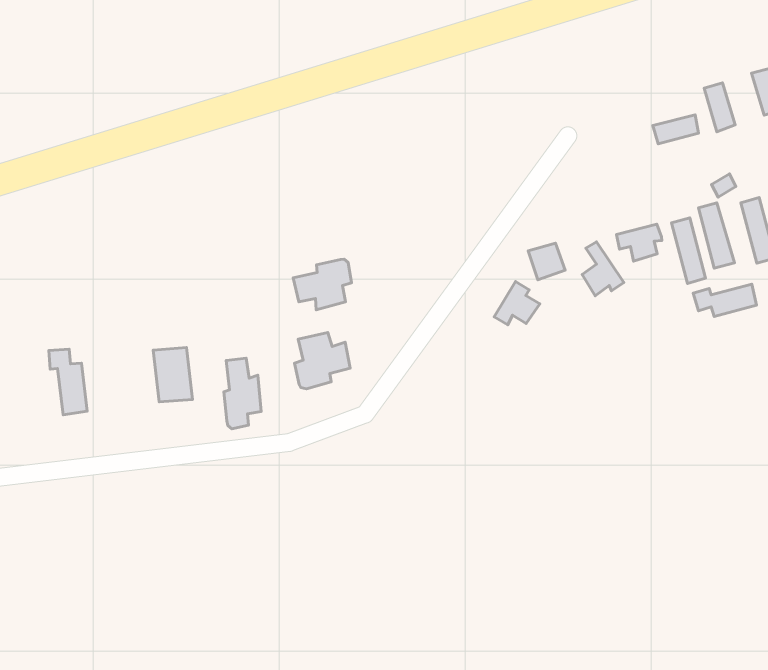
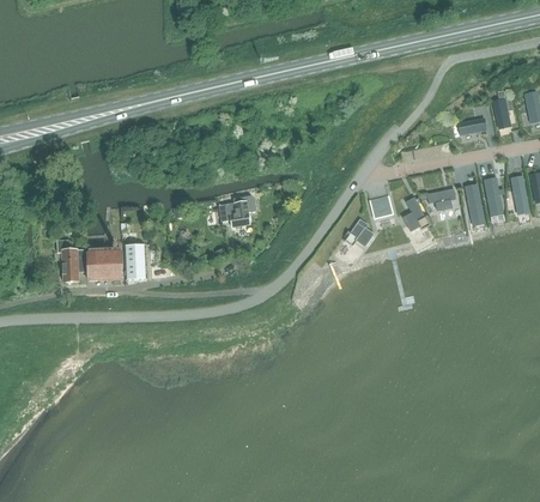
building: [693,284,756,316] -> none
building: [294,332,350,389] -> none
building: none -> [89,249,125,280]
building: [224,358,261,429] -> none

